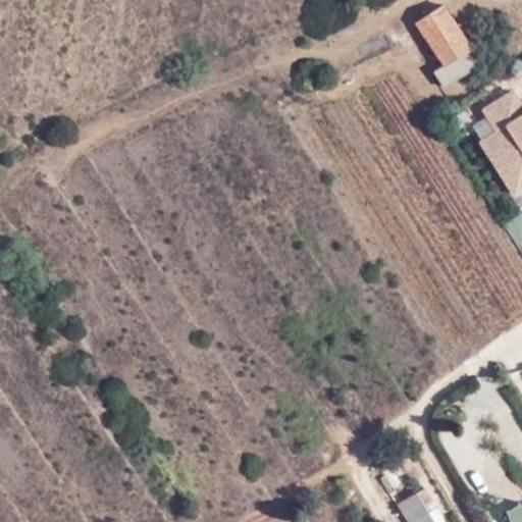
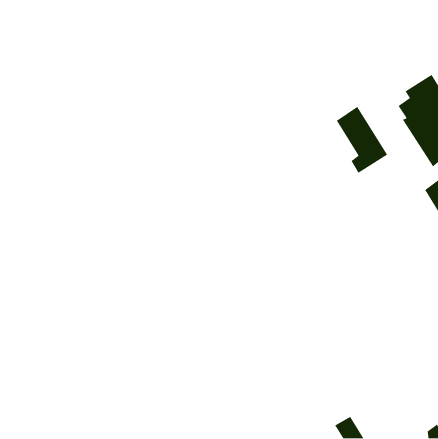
building: [418,5,480,86] -> [336,106,388,174]

